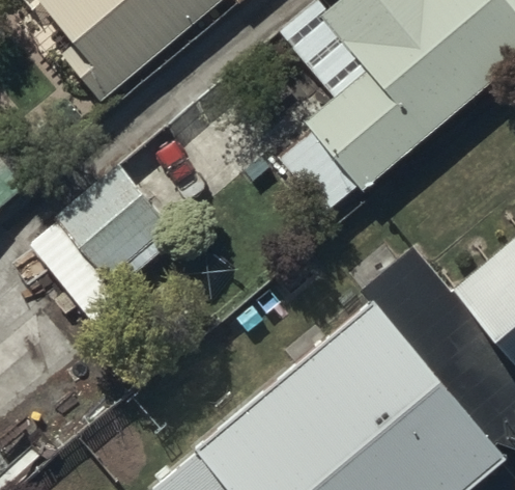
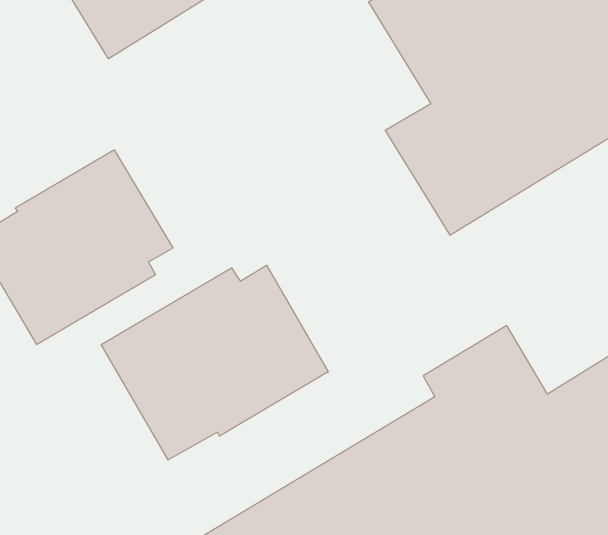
building: none -> [101,265,328,460]

